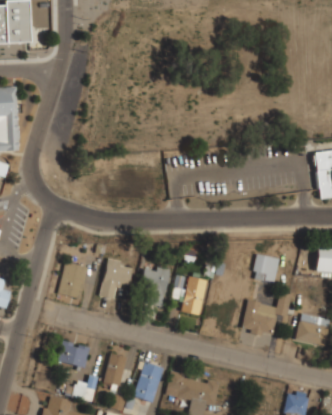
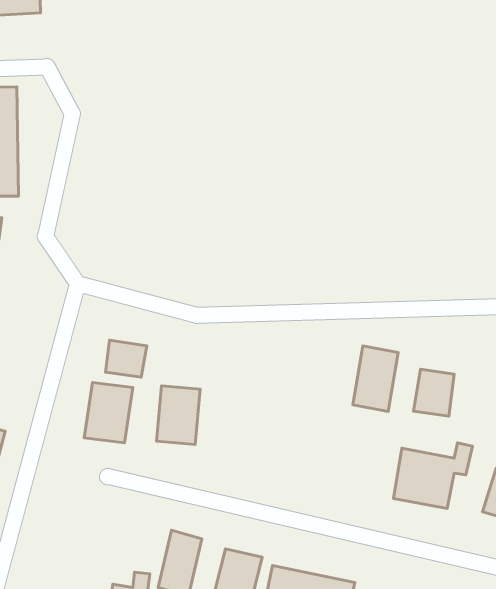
building: none -> [105,340,147,377]
building: [143,268,166,304] -> none
building: [180,277,207,316] -> [353,346,398,411]
building: [56,339,91,368] -> none

